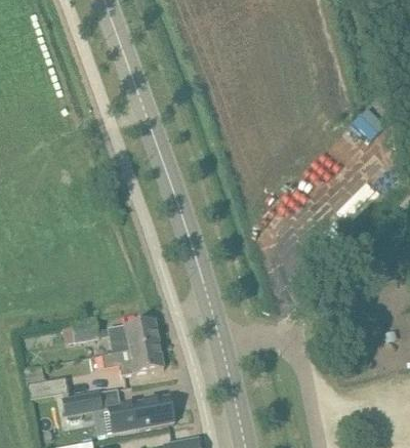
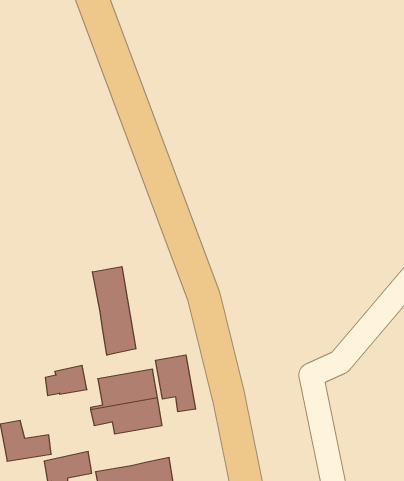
building: none -> [92,267,136,355]
building: none -> [156,355,195,412]

